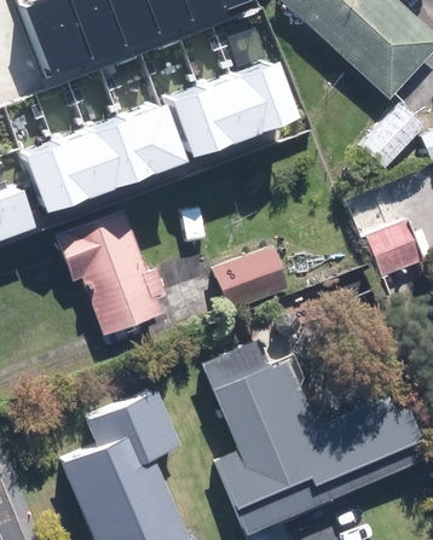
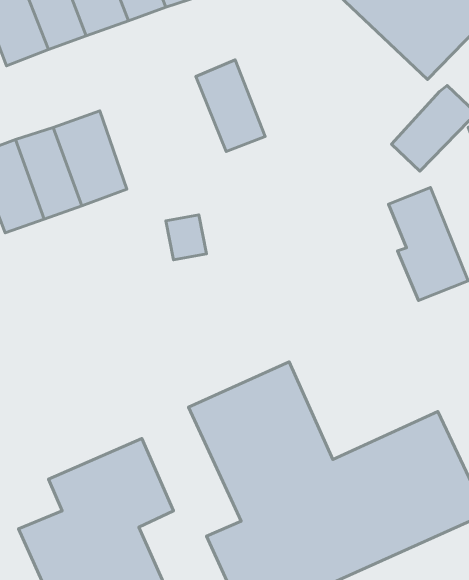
building: [231,62,302,141] -> none
building: [168,93,224,166] -> none
building: [122,106,186,184] -> none
building: [52,202,166,335] -> none
building: [206,238,289,307] -> none

